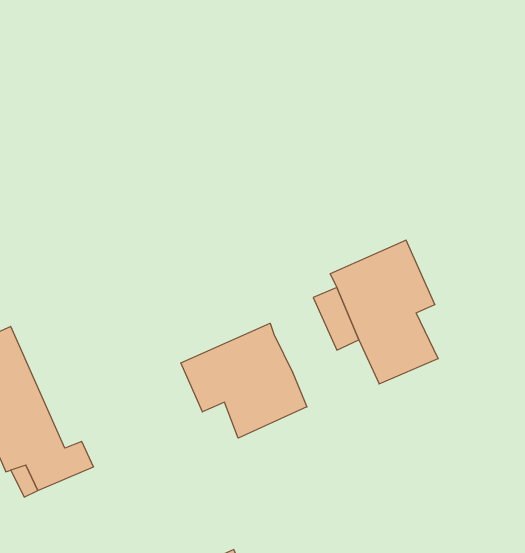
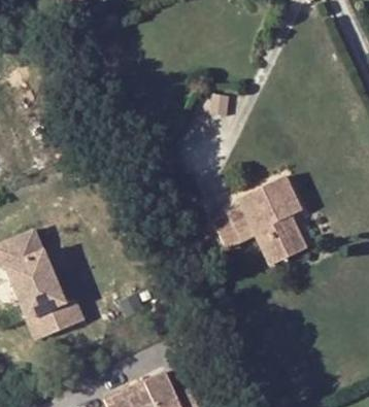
building: [181,323,307,438] -> none

